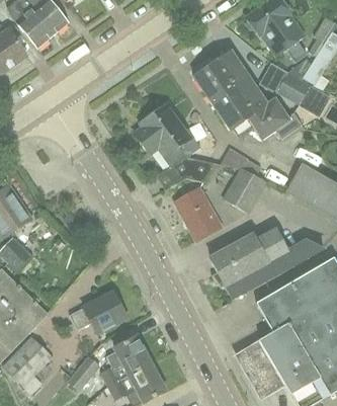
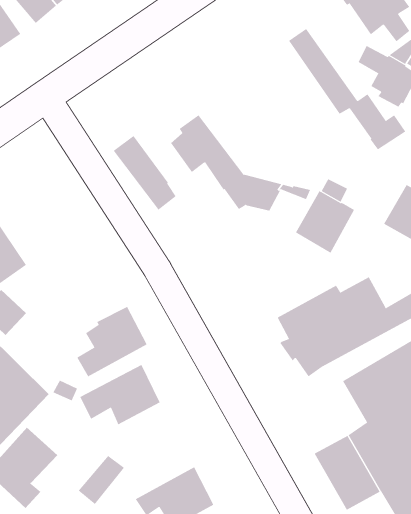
building: [193,60,276,139] -> none
building: [154,101,199,155] -> [113,135,177,210]
building: [175,187,222,240] -> none
building: [100,336,151,387] -> [77,306,148,377]

